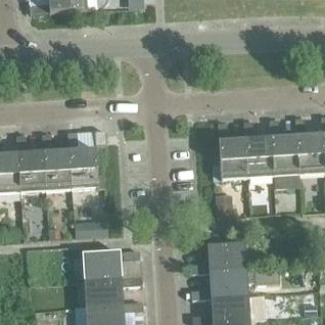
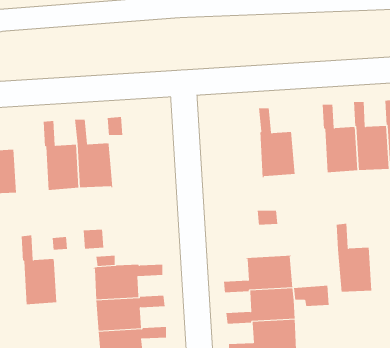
building: [243,121,273,177] -> [336,223,372,292]
building: [15,135,45,192] -> [21,235,57,305]

